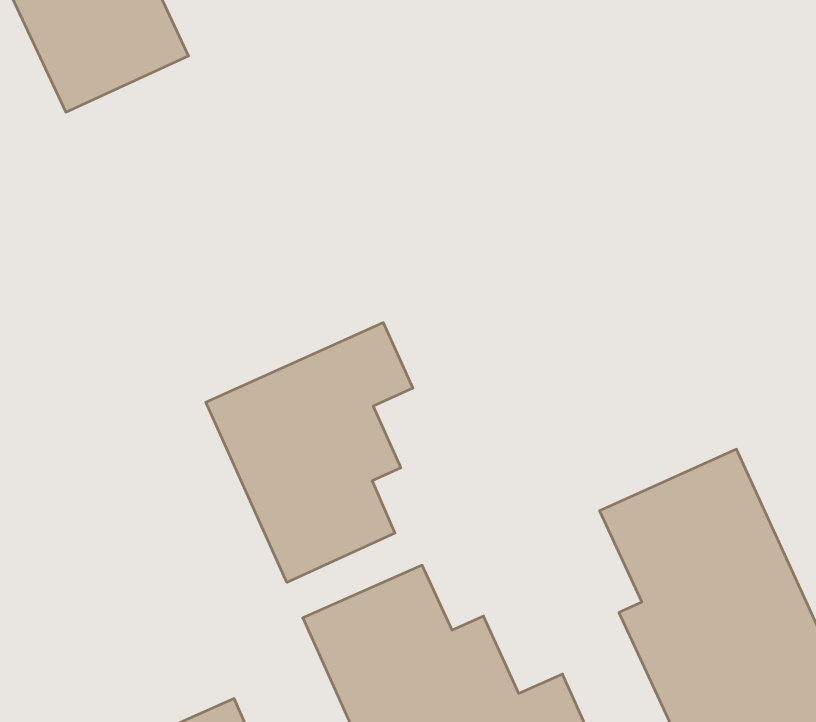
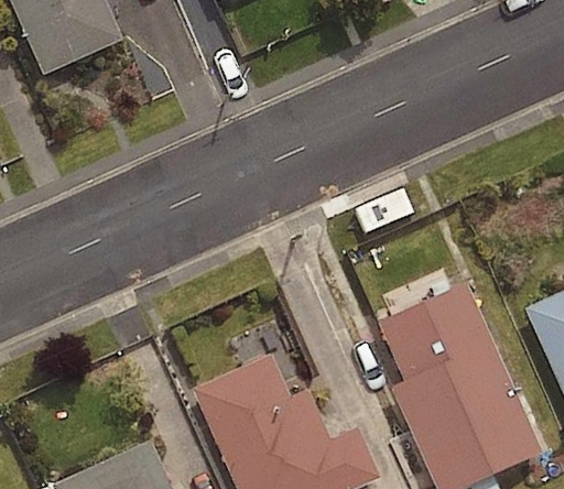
building: [206,323,413,582] -> none

